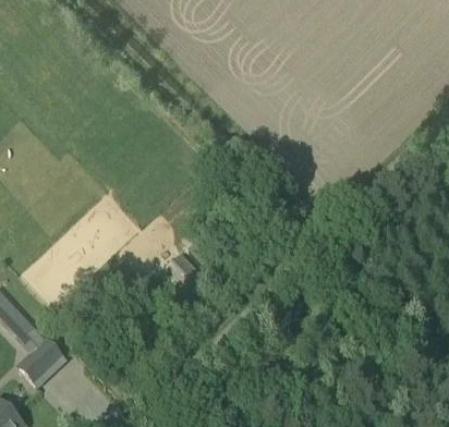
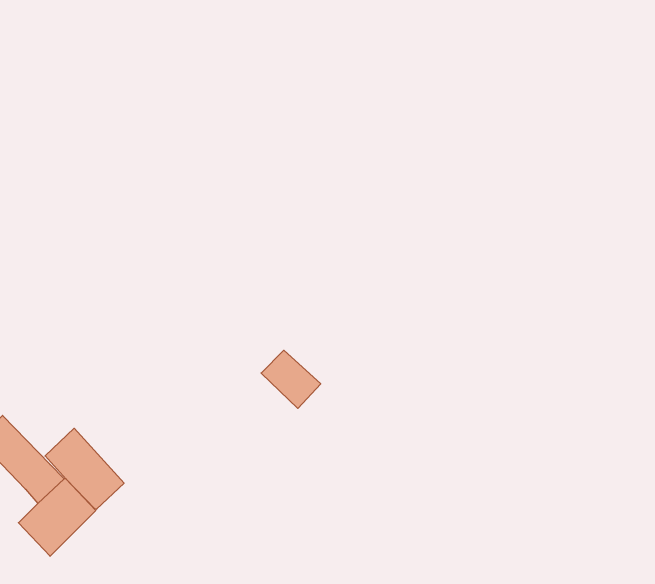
building: none -> [45,428,124,509]

